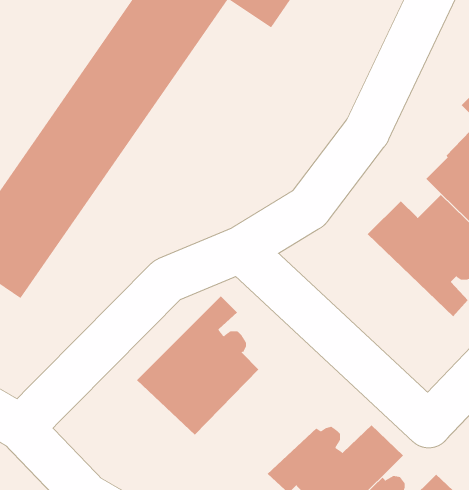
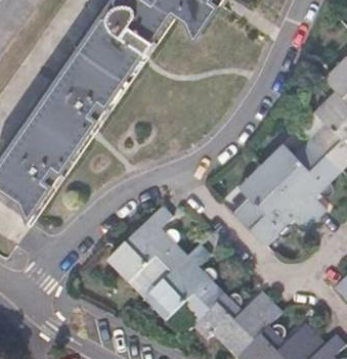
building: none -> [234,166,317,248]
building: none -> [144,244,226,325]

